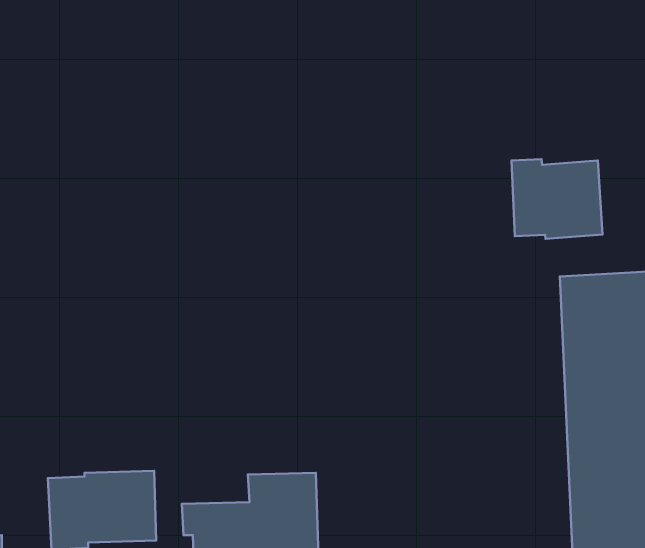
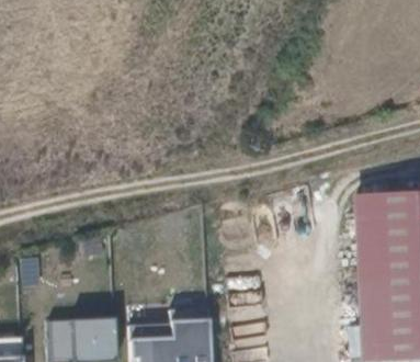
building: [512,159,603,239] -> none

